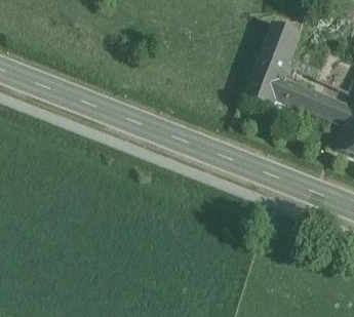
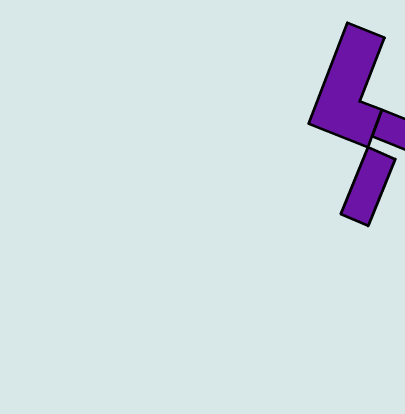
building: none -> [341,147,395,226]

